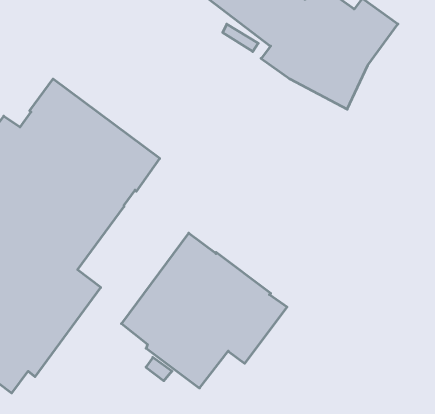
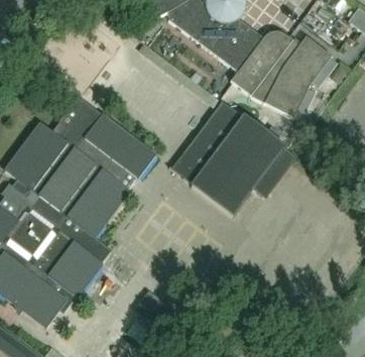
building: [121,233,287,388] -> [173,101,295,215]

